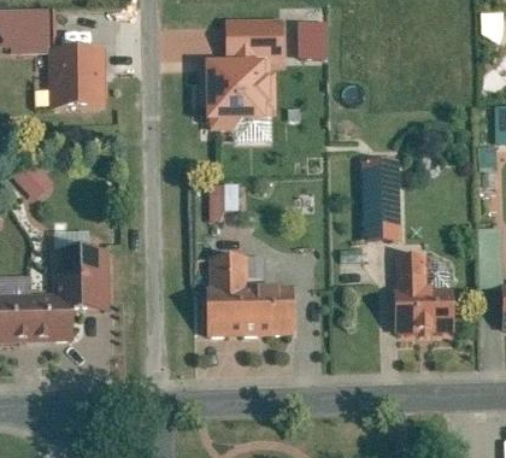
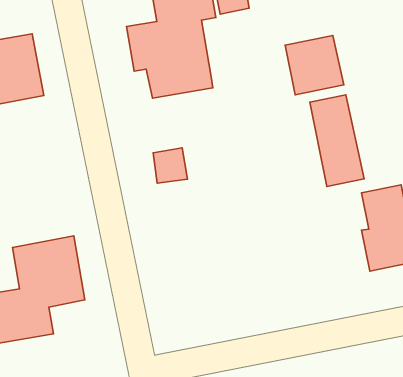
building: none -> [285,36,344,95]
building: [207,254,295,335] -> none

